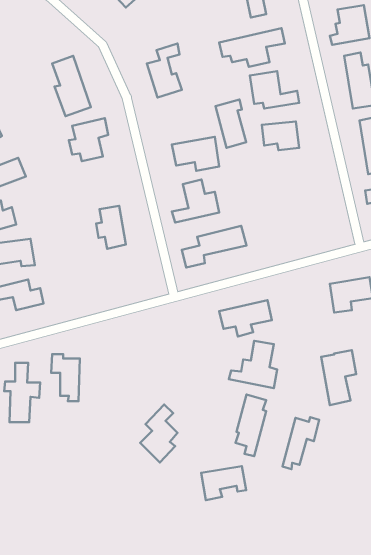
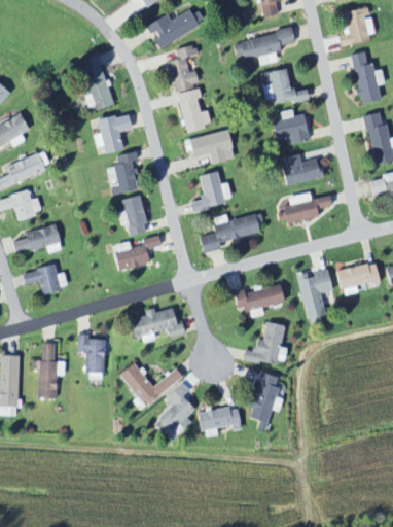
building: none -> [147,6,204,48]
building: [215,100,246,148] -> [178,86,207,132]
building: none -> [108,150,138,194]
building: none -> [282,153,322,184]
building: none -> [284,196,331,222]
building: none -> [114,235,160,269]
building: none -> [130,307,184,342]
building: [321,350,356,405] -> [299,268,332,319]
building: none -> [121,361,184,406]
building: [283,417,319,469] -> none
building: [201,466,246,500] -> [201,406,243,437]

